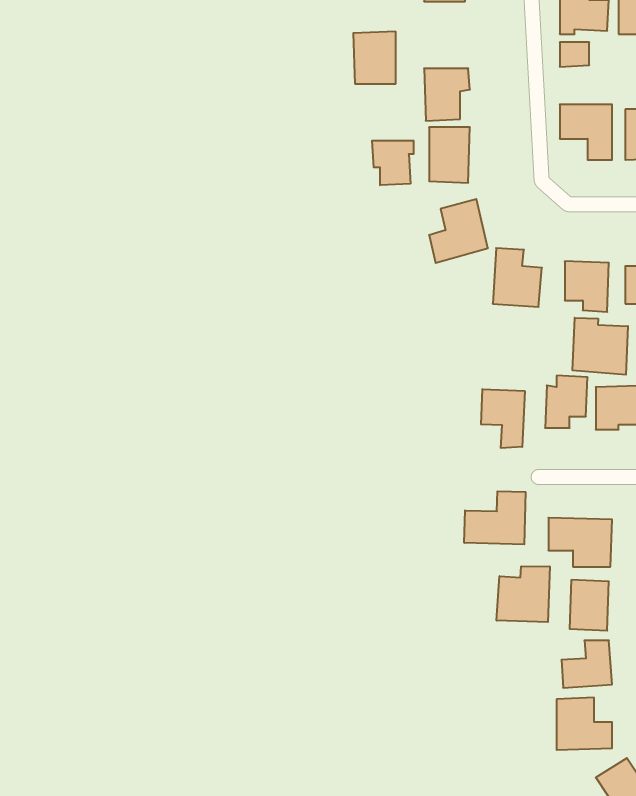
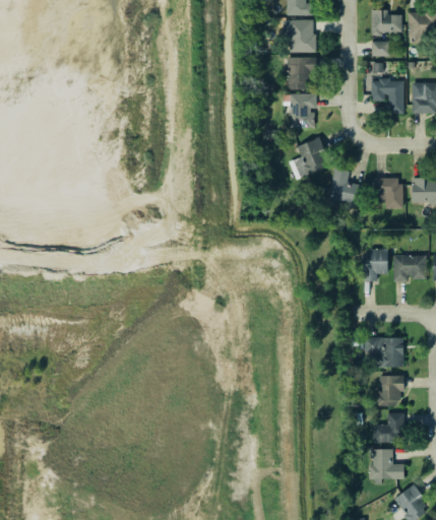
building: [353,32,396,84] -> [288,19,314,52]
building: [372,141,414,185] -> none
building: [573,318,628,375] -> none
building: [481,389,525,448] -> none
building: [464,491,526,544] -> none
building: [497,566,550,622] -> none

